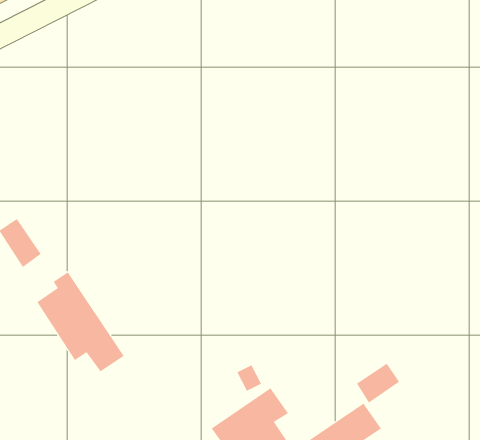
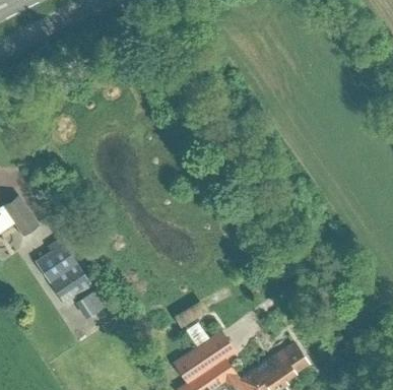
building: [356,363,400,404] -> none

